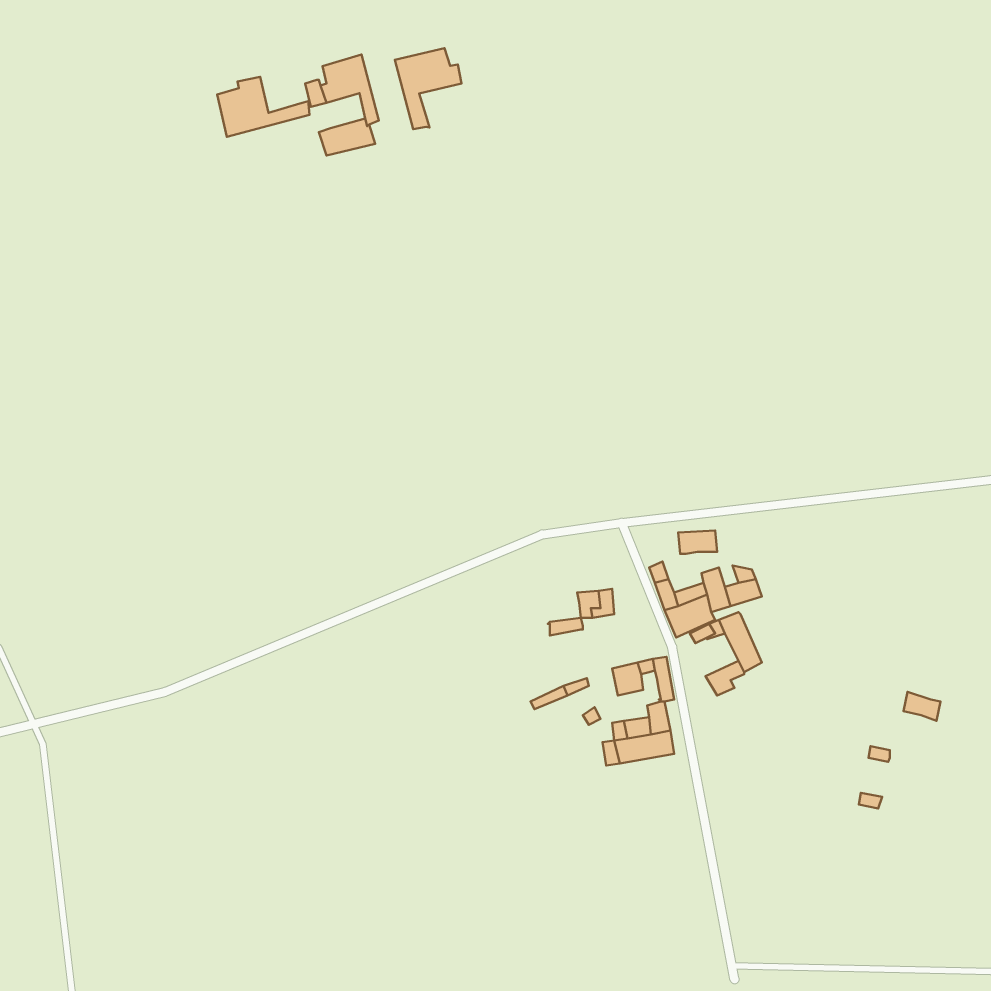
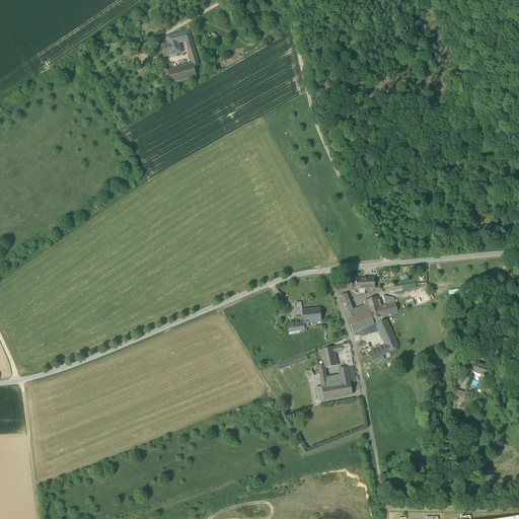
building: [395,48,461,129] -> none
building: [217,77,310,137] -> none

